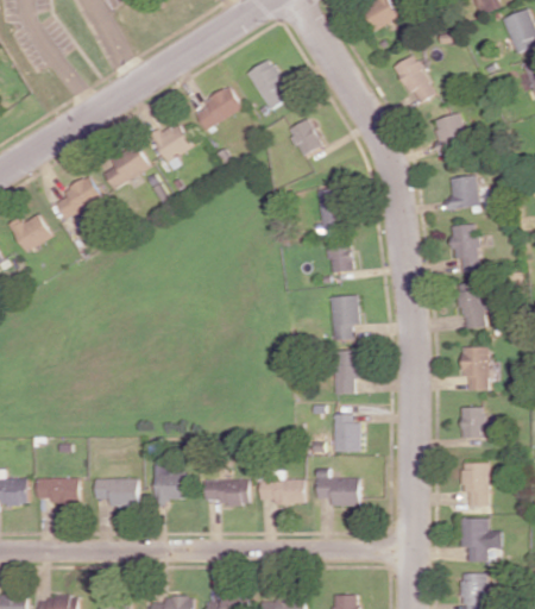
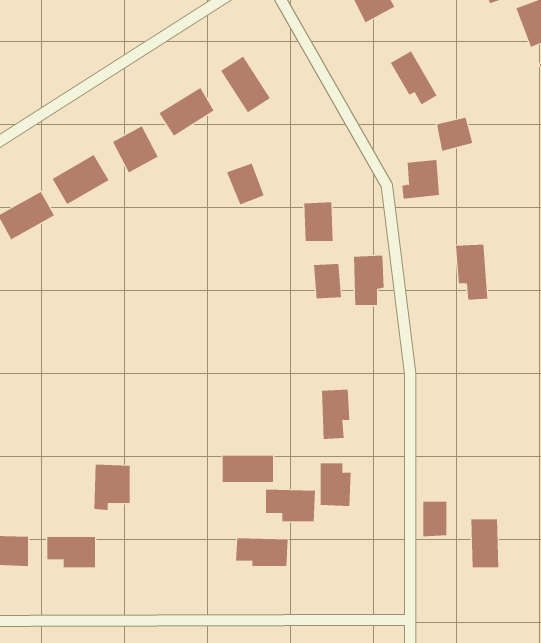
building: [288,119,321,156] -> [226,163,264,205]
building: [446,175,479,209] -> [401,160,440,199]
building: [459,283,484,327] -> none
building: [331,295,358,339] -> [353,255,385,306]
building: [461,347,487,389] -> none
building: [461,407,483,438] -> [423,501,447,537]
building: [153,464,185,504] -> [93,464,130,510]
building: [316,477,360,506] -> [265,489,316,522]
building: [204,479,250,503] -> [222,455,274,482]
building: [460,517,501,561] -> none

